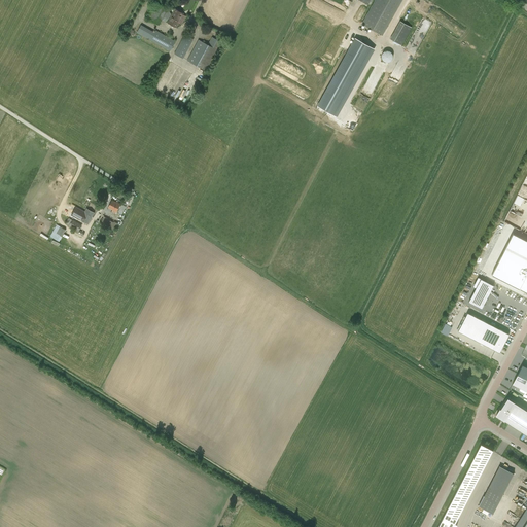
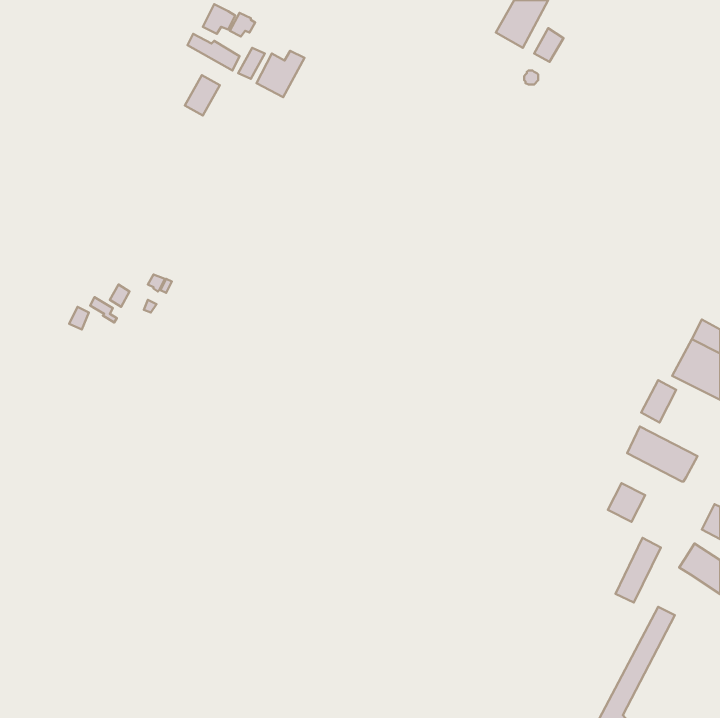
building: [318,37,374,114] -> none
building: none -> [185,75,220,115]
building: none -> [608,483,645,522]
building: [479,466,512,514] -> [616,538,661,602]

